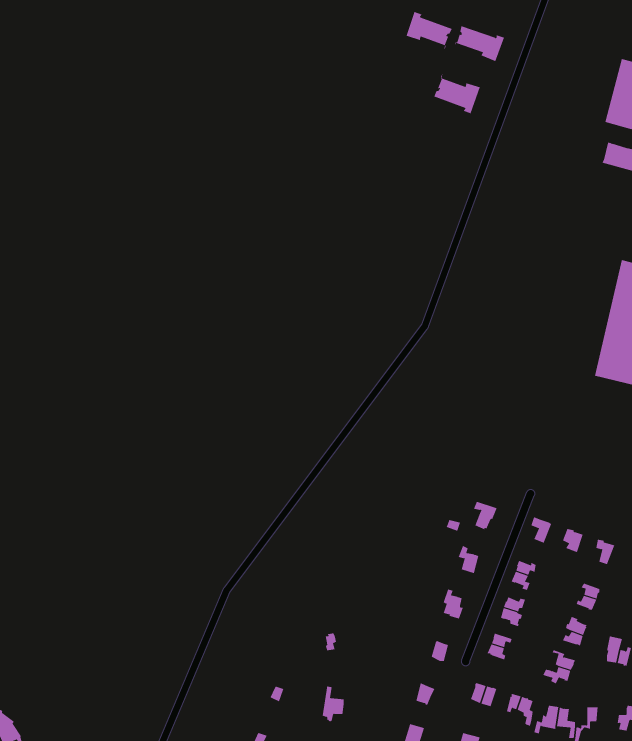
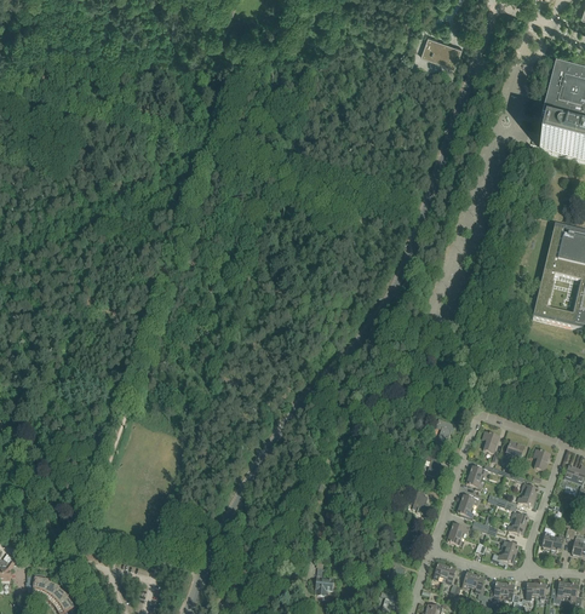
building: [406,11,453,50] -> none
building: [433,73,480,114] -> none

